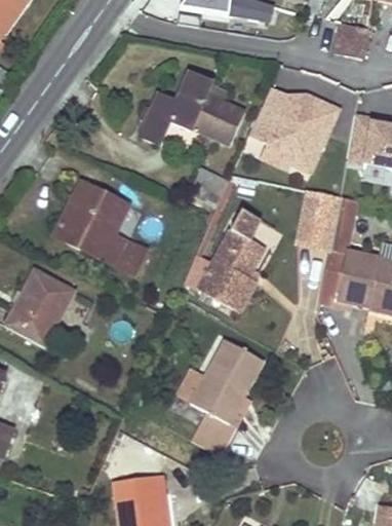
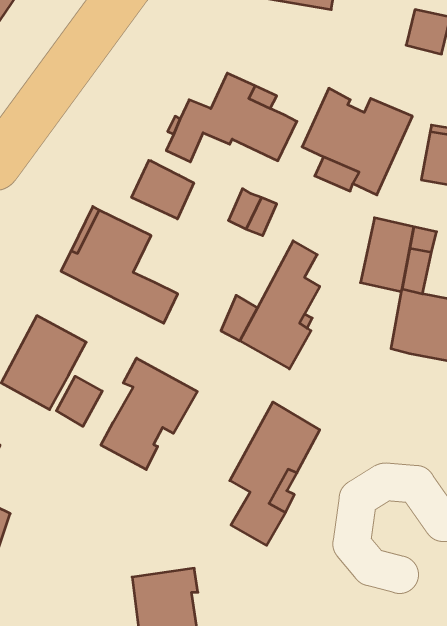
building: none -> [132,160,194,219]
building: none -> [101,358,197,470]
building: none -> [56,376,102,426]

